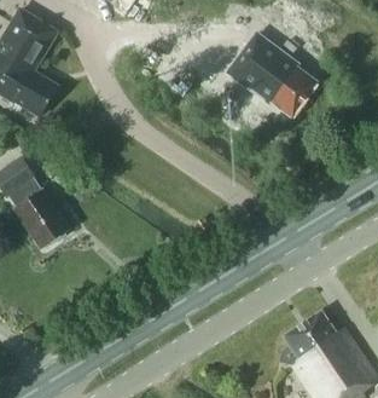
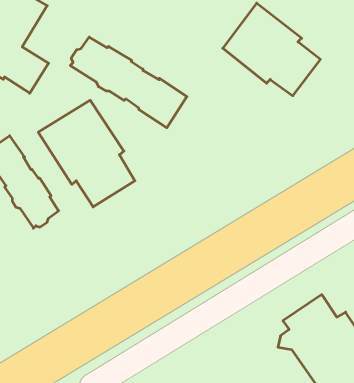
building: none -> [70,37,187,128]
building: none -> [38,100,135,207]

